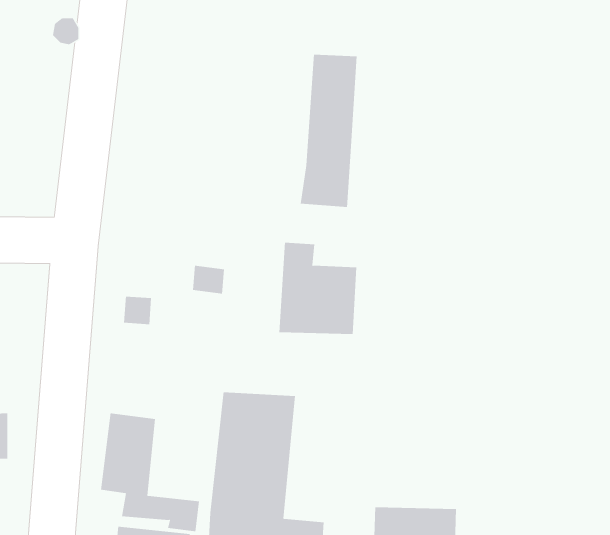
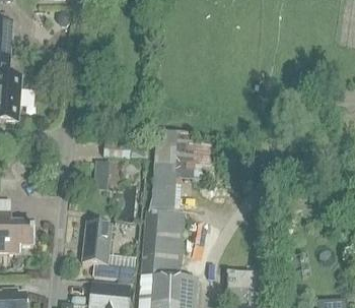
building: [300,54,357,208] -> [149,129,180,210]

